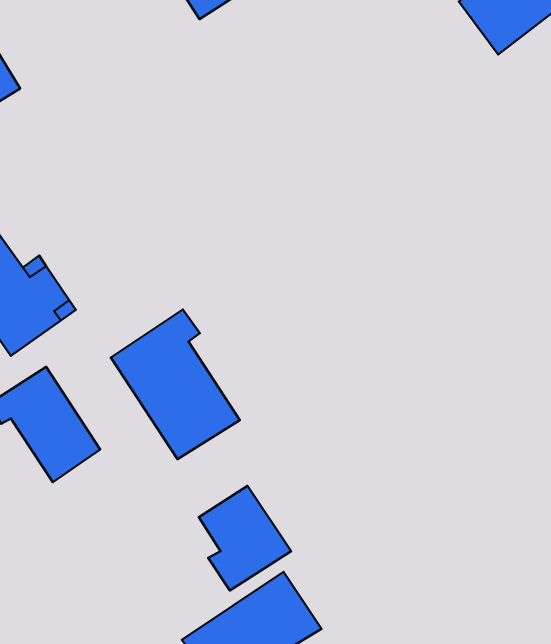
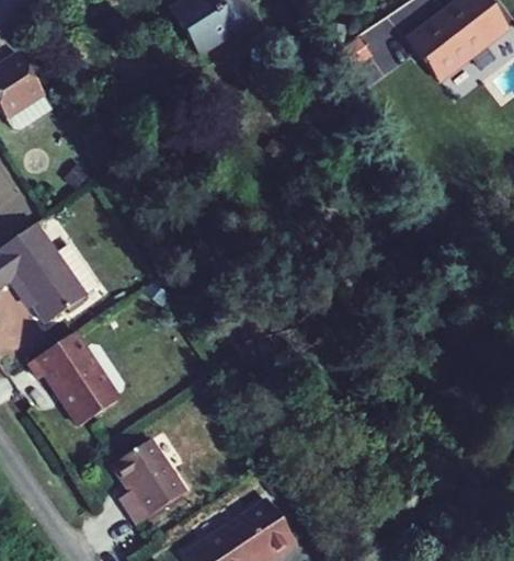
building: [111,309,240,459] -> none
building: [199,486,291,590] -> [112,439,186,524]

